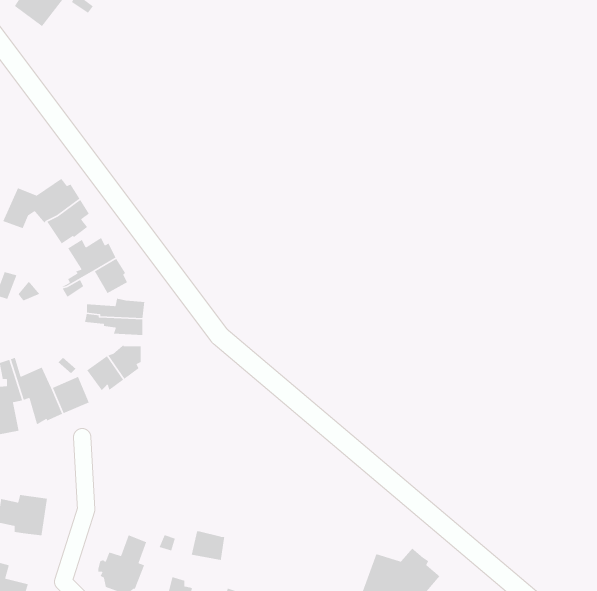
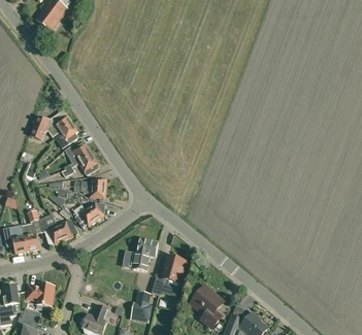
building: none -> [132,237,158,270]
building: none -> [151,255,185,294]
building: none -> [190,284,223,327]

